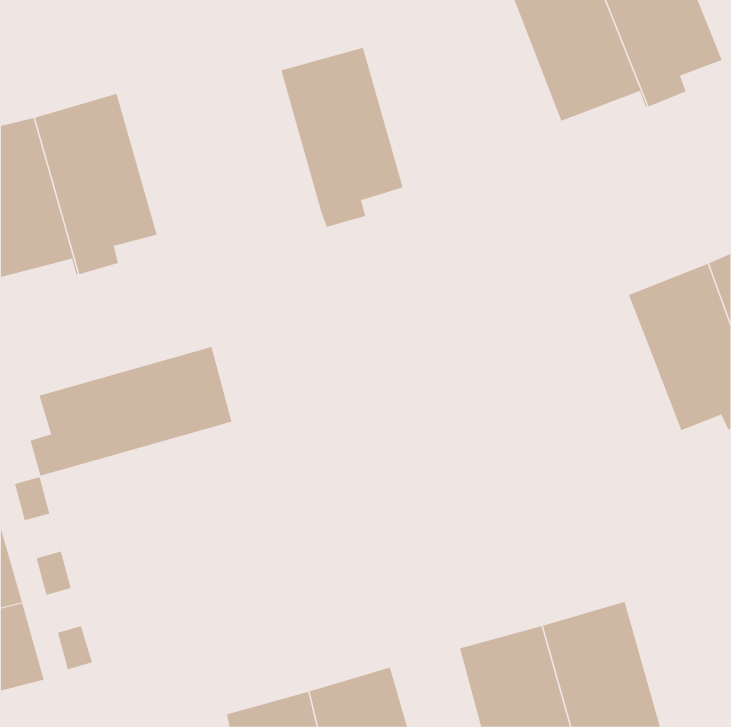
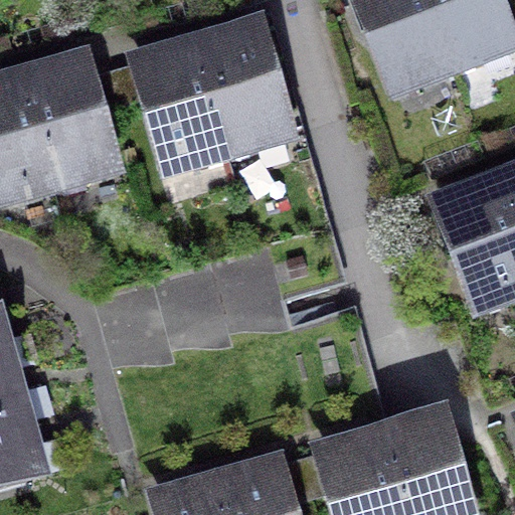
building: none -> [139,49,229,169]
building: [30,346,232,477] -> none

